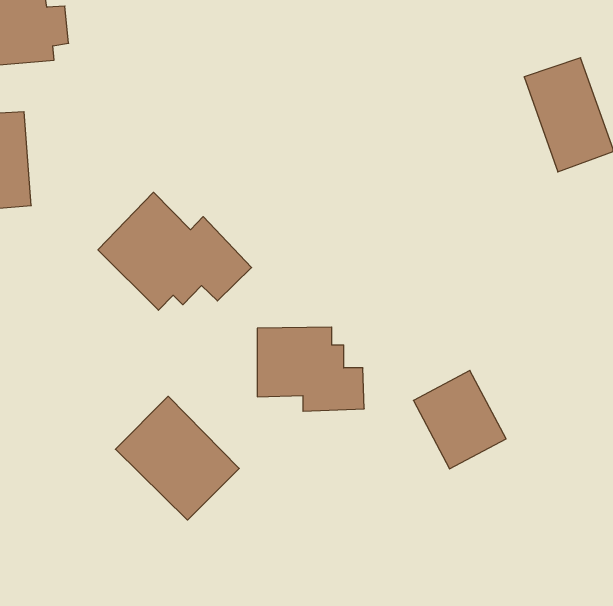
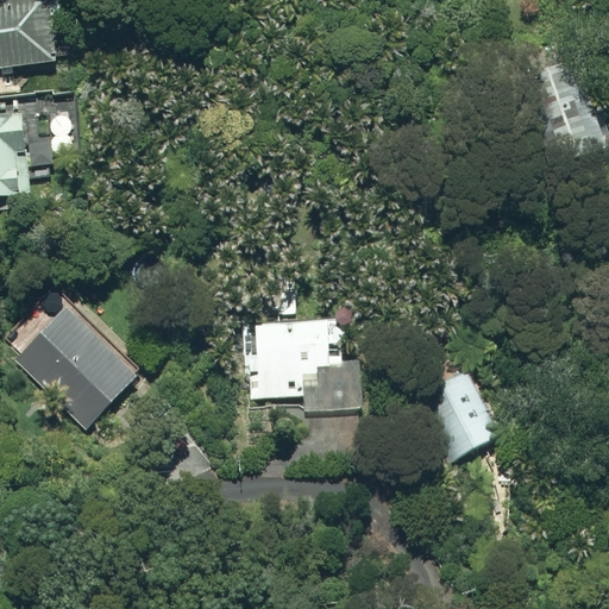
building: [98,192,252,310] -> none
building: [115,396,239,520] -> [14,303,137,426]

